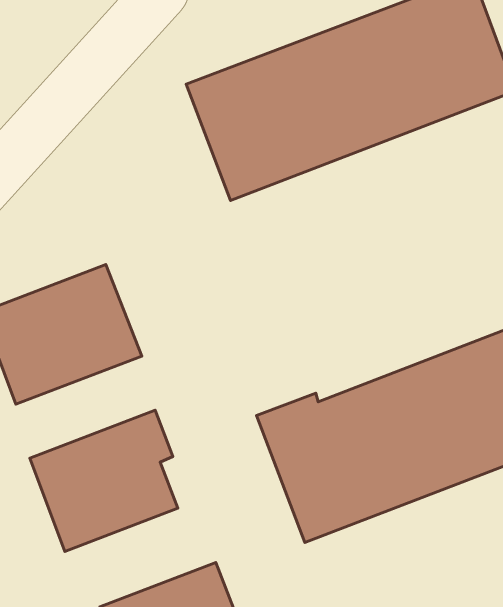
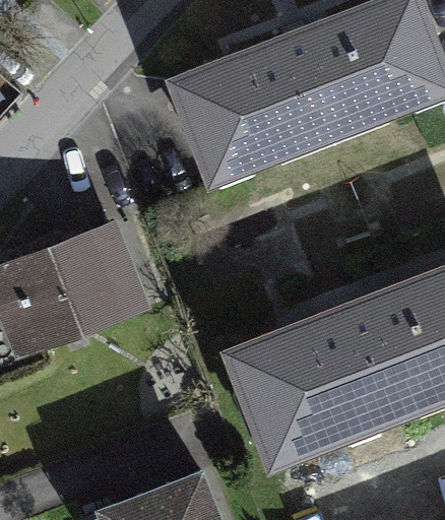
building: [30,410,178,552] -> none

